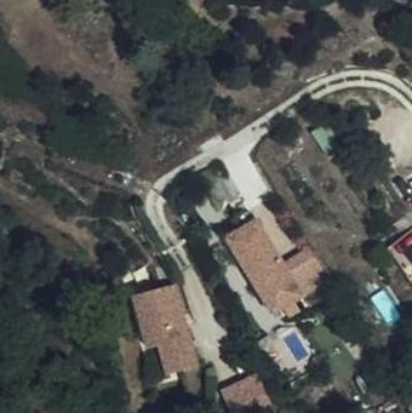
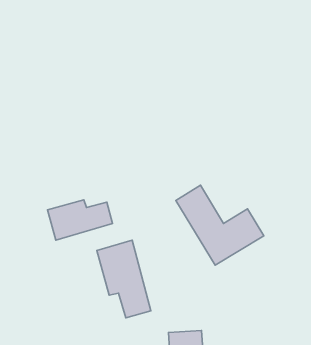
building: none -> [48,200,112,240]

